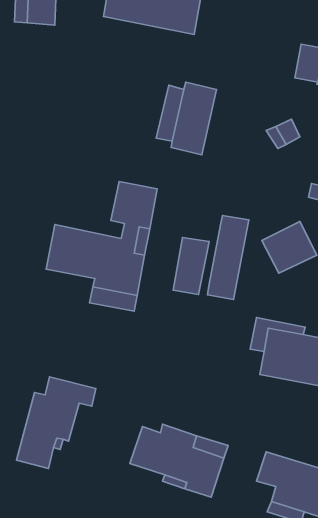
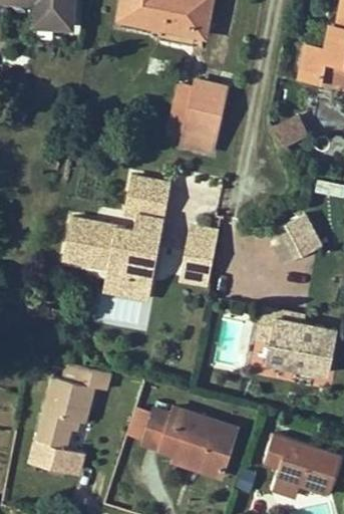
building: [207,215,249,299] -> none
building: none -> [30,442,84,475]

